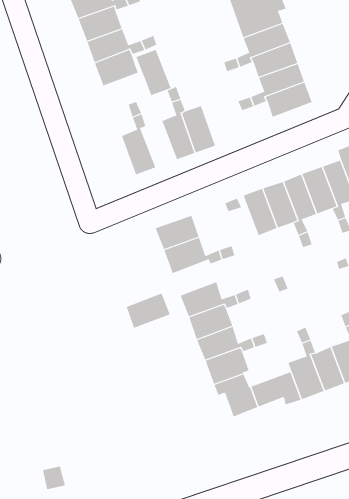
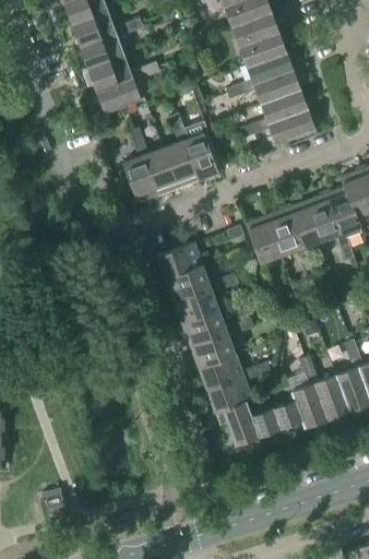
building: [136,49,171,96] -> [143,148,179,195]
building: [126,293,170,329] -> [175,288,219,324]

